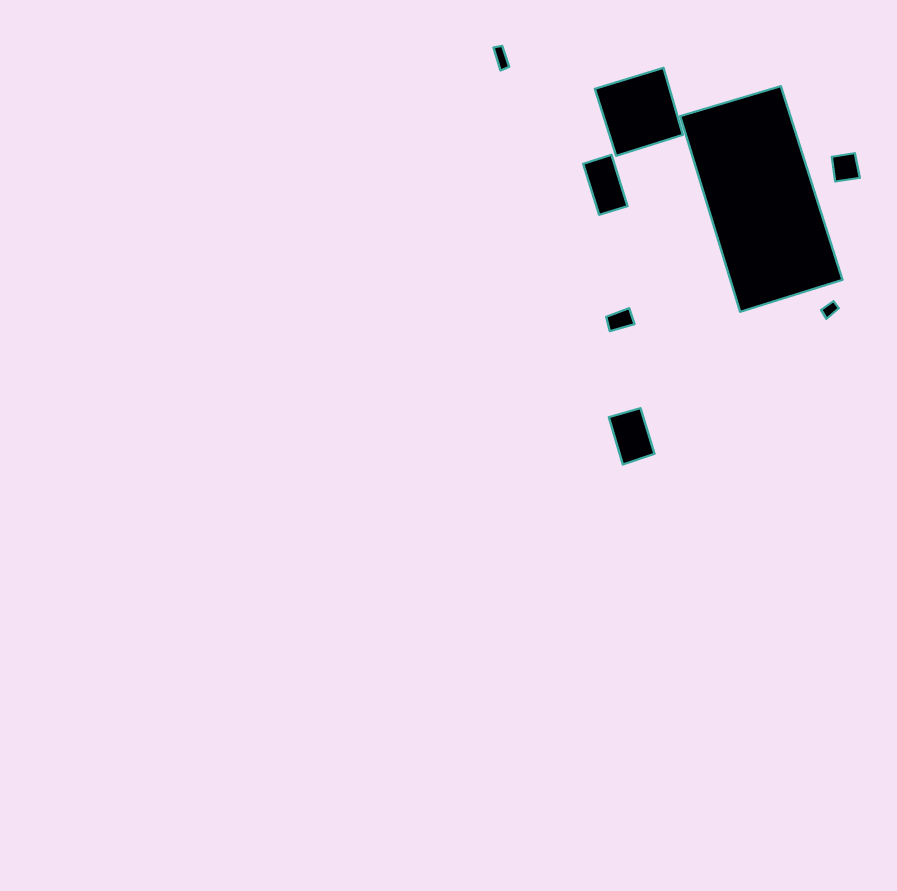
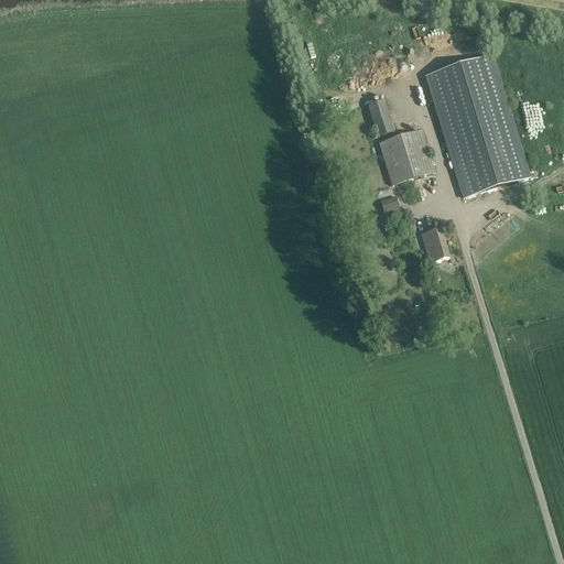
building: [595,68,683,156] -> [377,128,432,183]
building: [609,408,655,465] -> [419,226,447,261]

